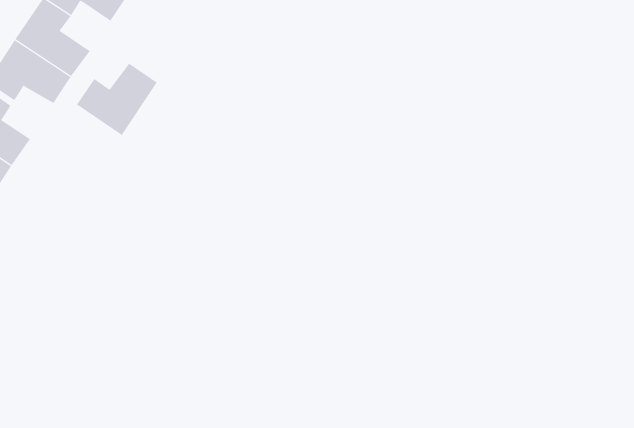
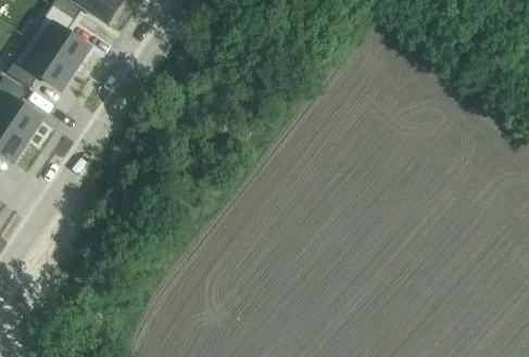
building: [76,63,158,136] -> none

